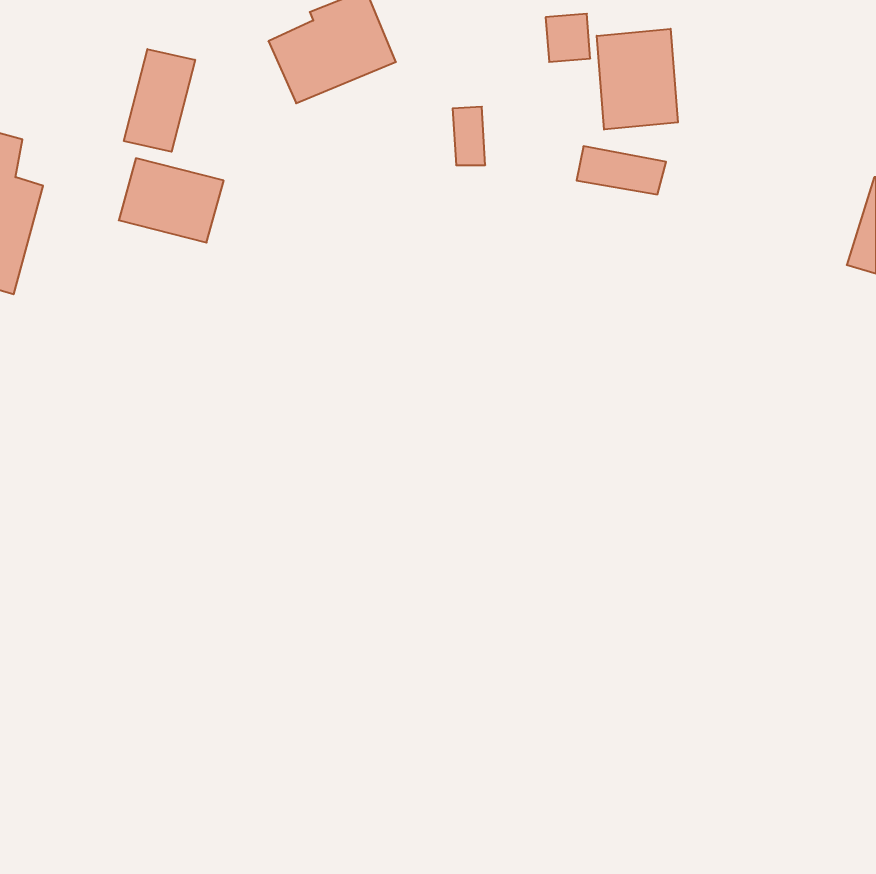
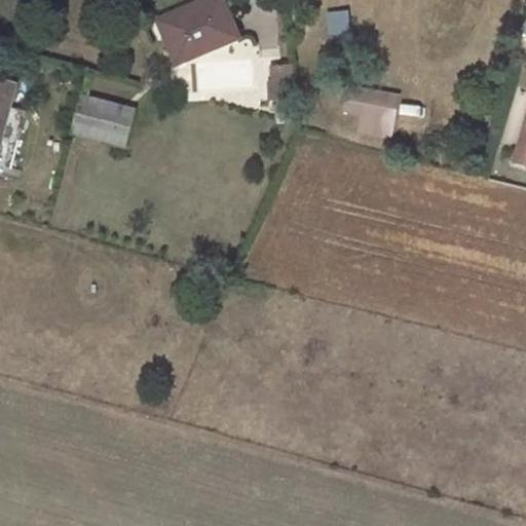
building: [597,29,678,130] -> none
building: [124,49,195,152] -> none

